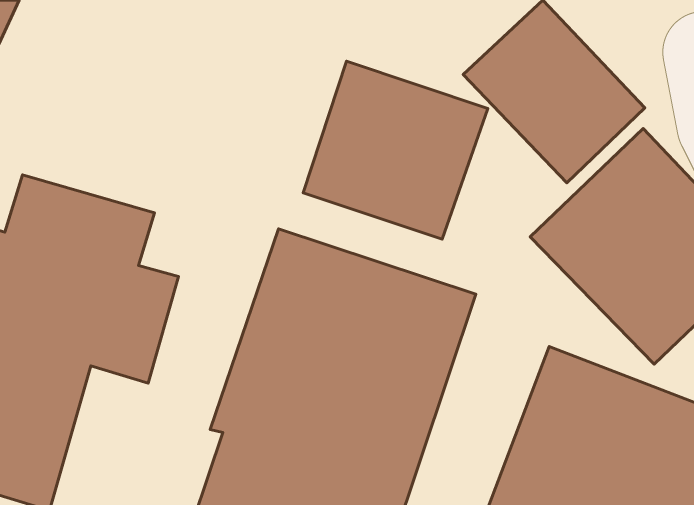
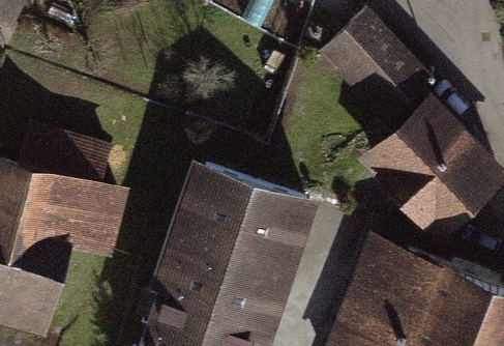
building: [303,61,488,239] -> none

